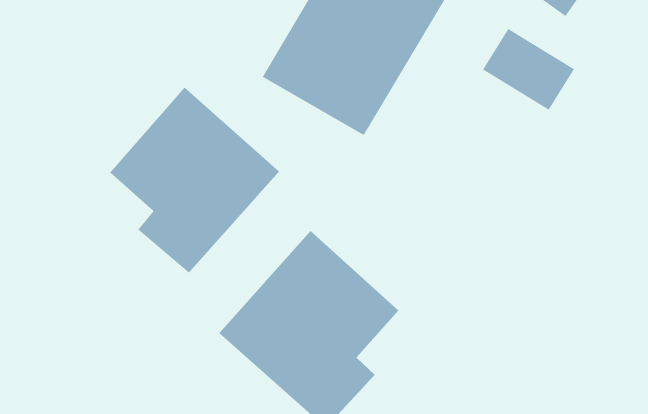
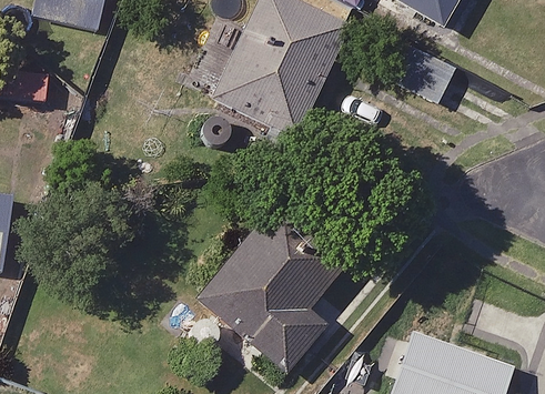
building: [109,87,280,273] -> none

